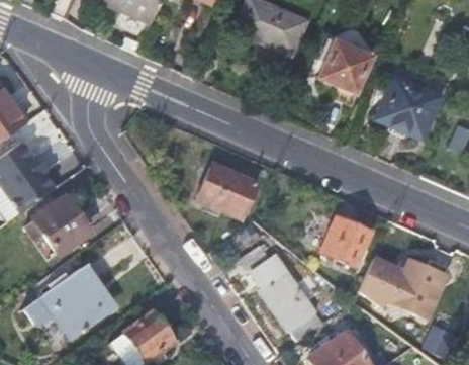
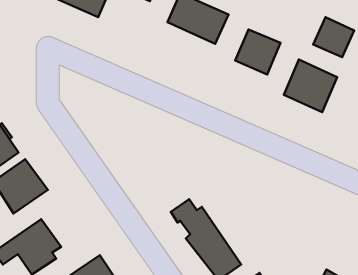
building: none -> [313,17,354,57]
building: [195,162,257,219] -> none
building: [321,216,371,268] -> none
building: [356,257,446,317] -> none

